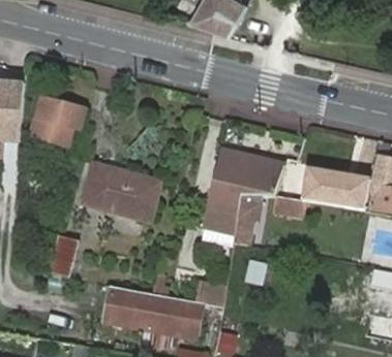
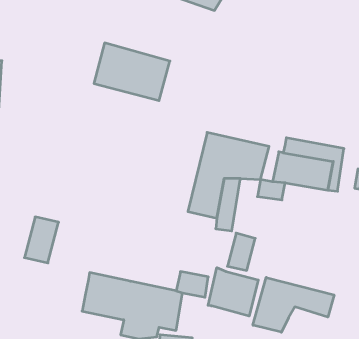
building: [30,98,82,147] -> none
building: [86,165,159,221] -> [94,43,170,101]
building: none -> [208,268,258,316]
building: none -> [253,277,334,332]

